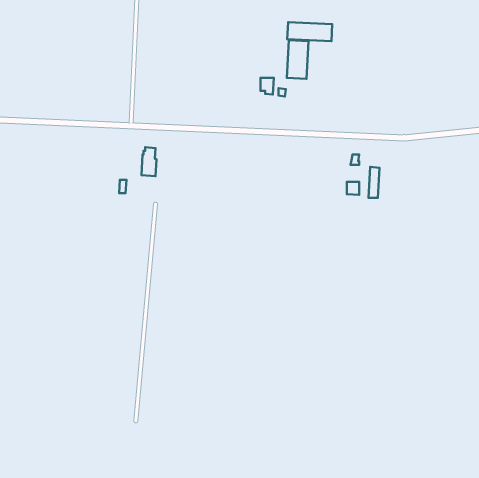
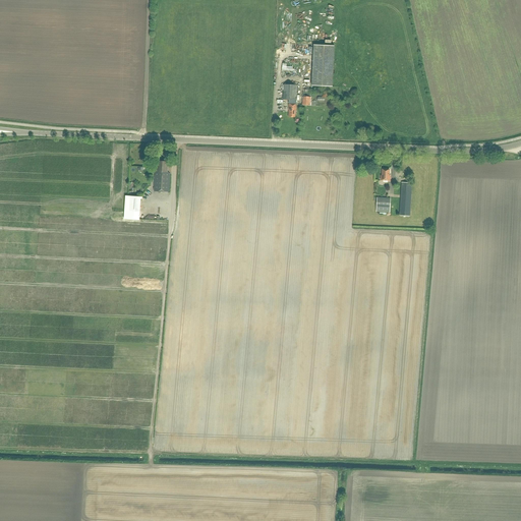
building: [287,22,332,41] -> none

